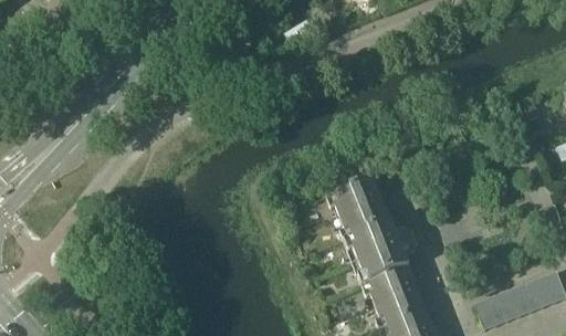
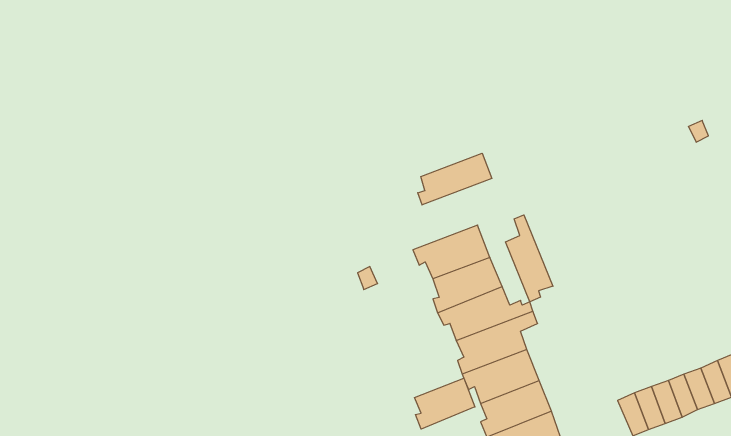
building: none -> [418,153,492,205]
building: none -> [506,215,553,302]
building: none -> [414,378,475,429]

